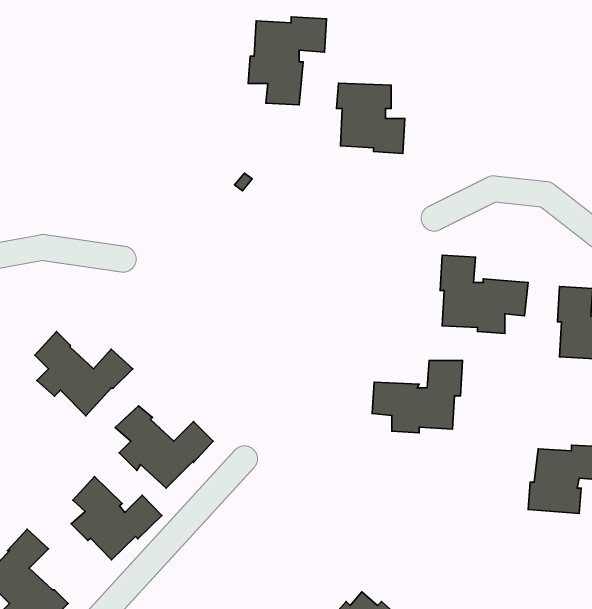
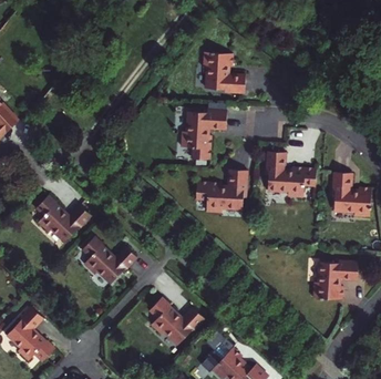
building: [248,17,327,105] -> [183,109,227,158]
building: [372,361,462,433] -> [198,170,249,211]
building: [71,477,162,560] -> none
building: none -> [150,298,205,345]

